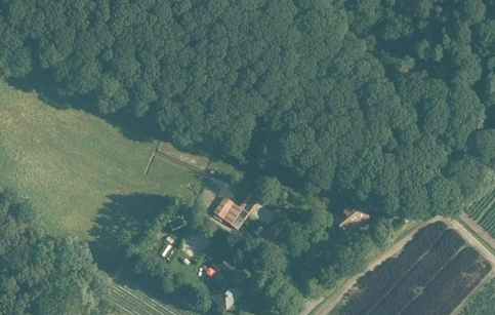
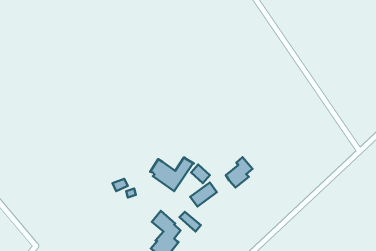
building: [335,202,366,237] -> [226,157,252,188]

